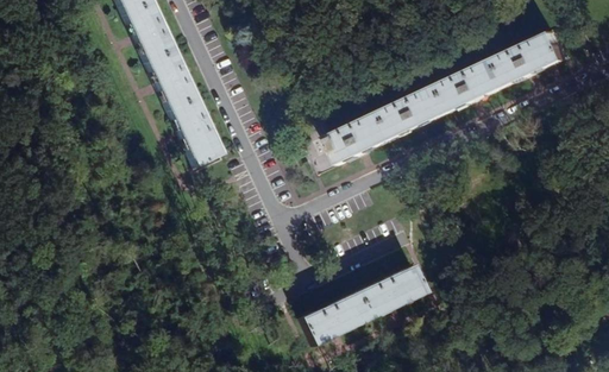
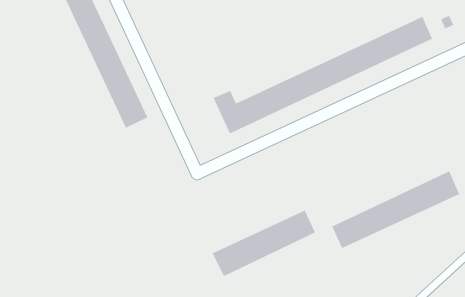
building: none -> [332,170,460,249]

